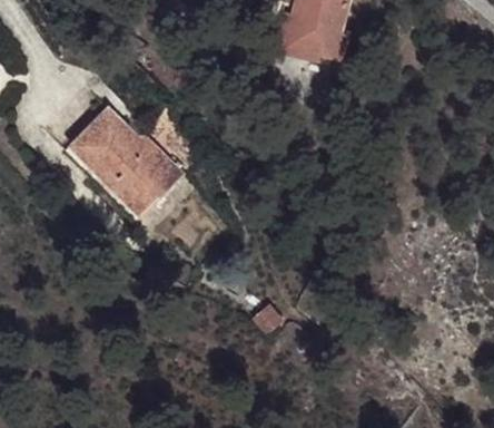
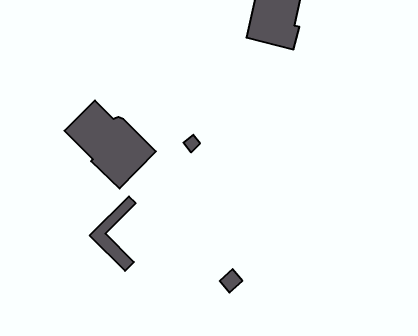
building: [62,107,115,192] -> [90,196,136,271]

